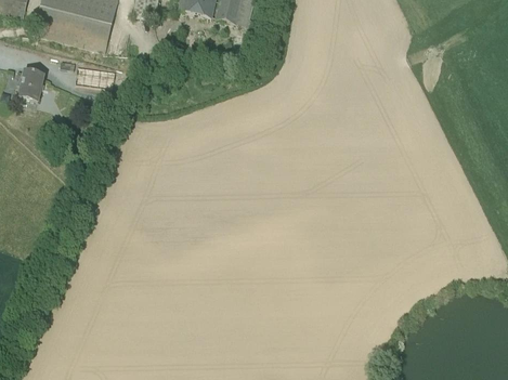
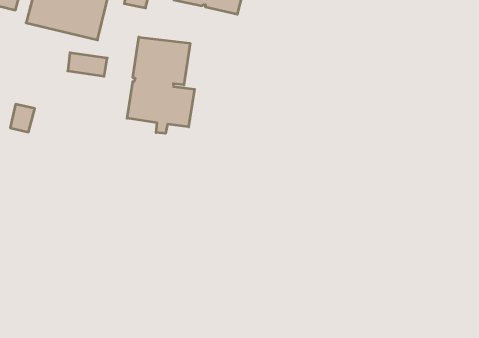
building: none -> [127,37,195,133]
building: [18,70,43,99] -> [10,104,35,132]

